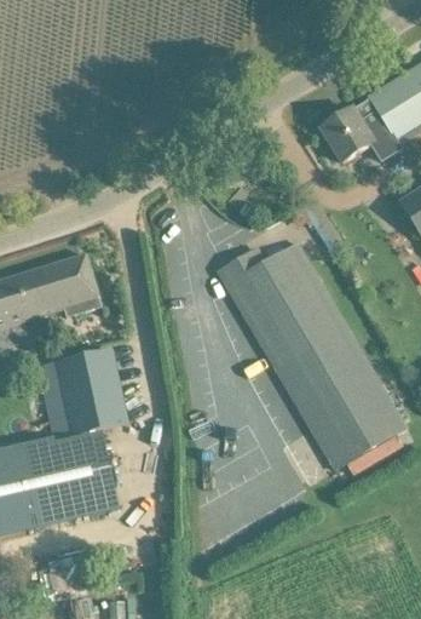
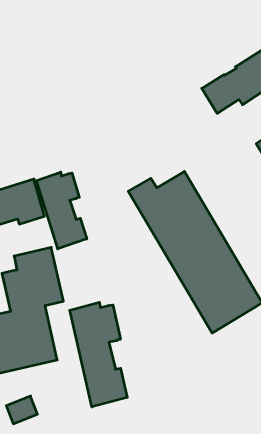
building: none -> [36,172,87,249]
building: none -> [70,302,127,407]

